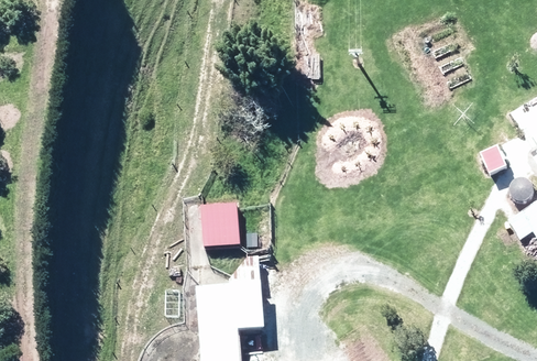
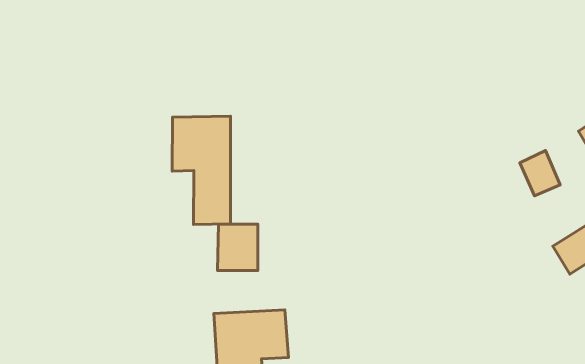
building: none -> [172,116,230,224]

